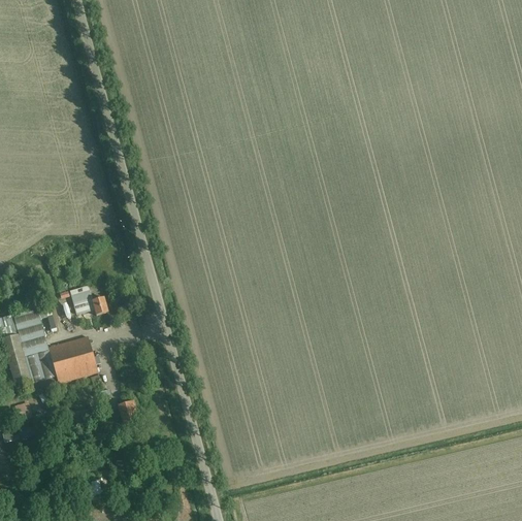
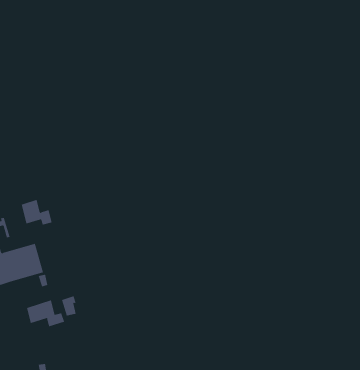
building: none -> [27,300,65,327]

